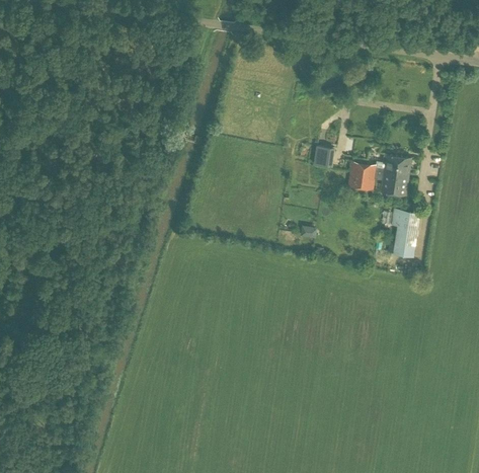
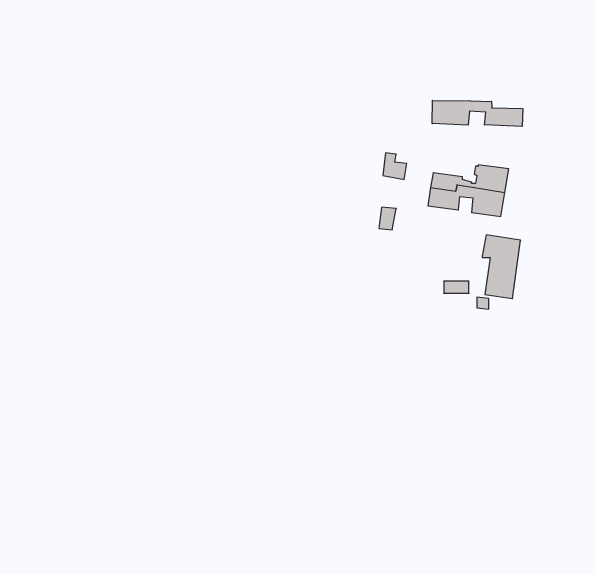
building: none -> [432,100,523,126]

